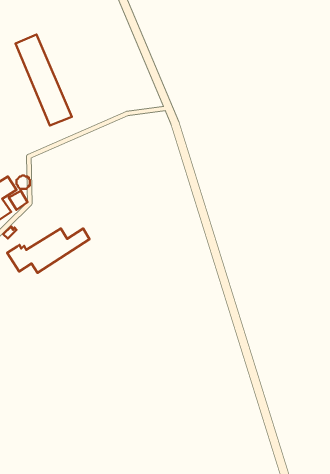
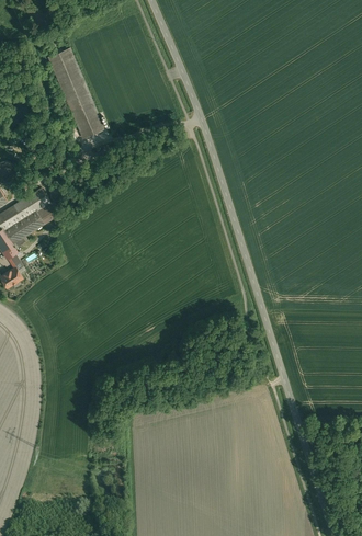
building: [7,228,89,273] -> none

